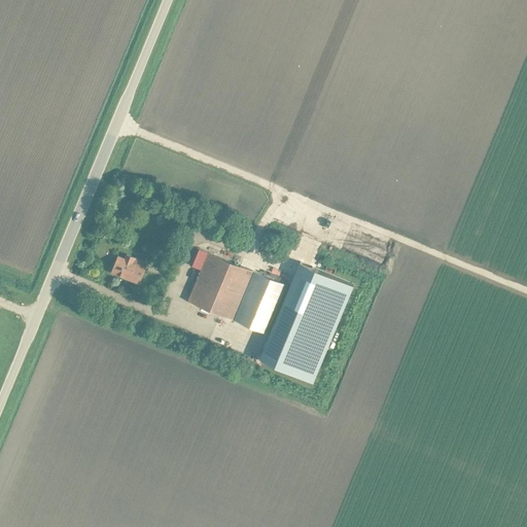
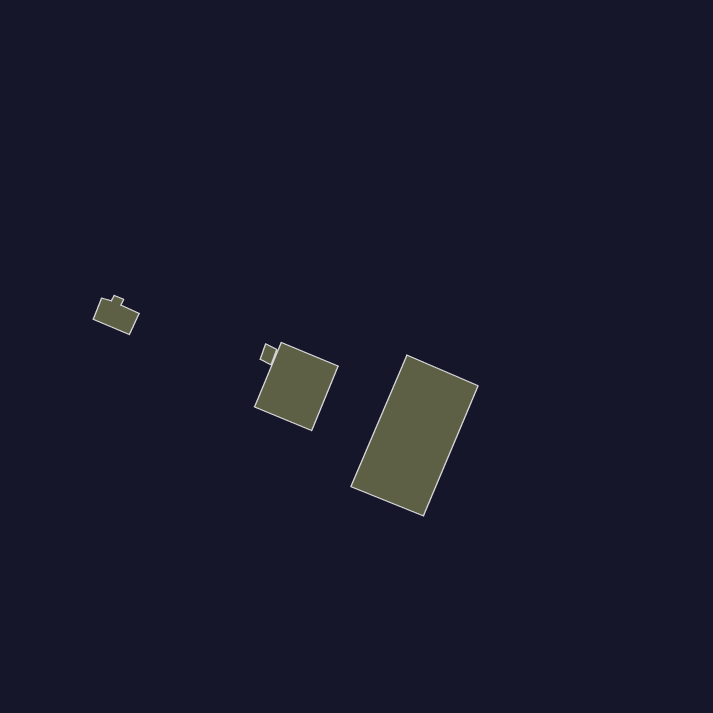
building: [110,255,144,284] -> [93,295,139,335]
building: [230,271,285,333] -> none

